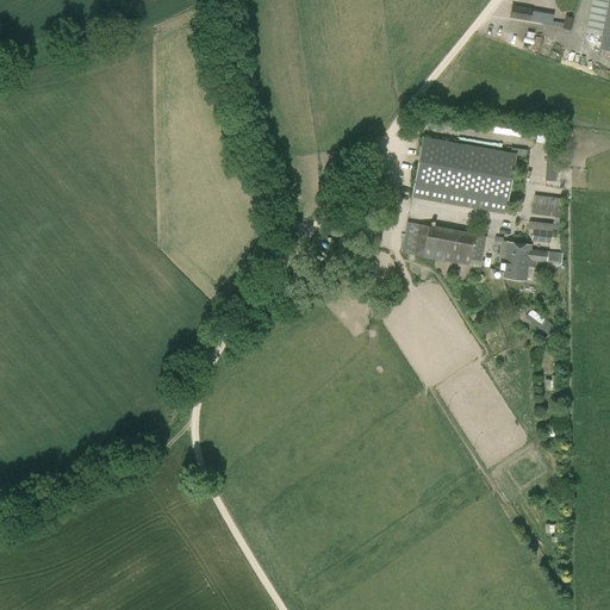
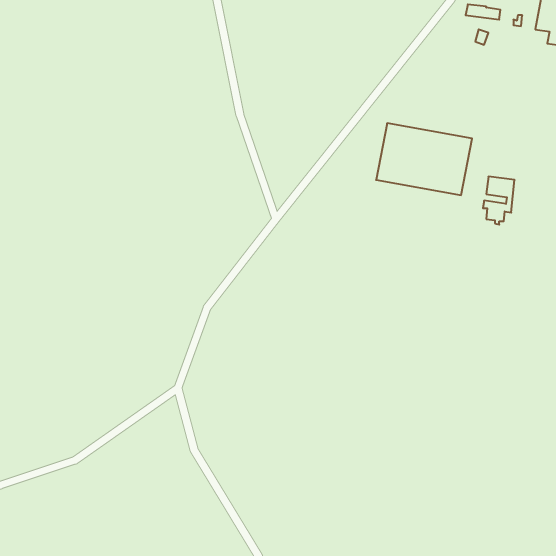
building: [403,220,487,267] -> none
building: [504,241,564,280] -> none

